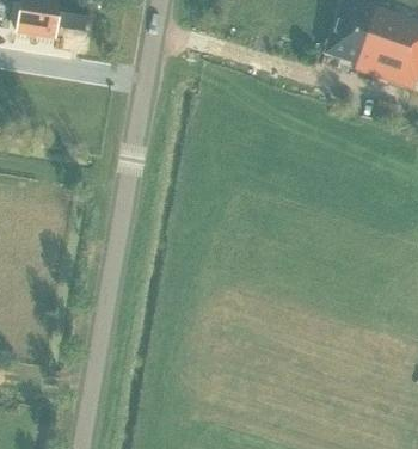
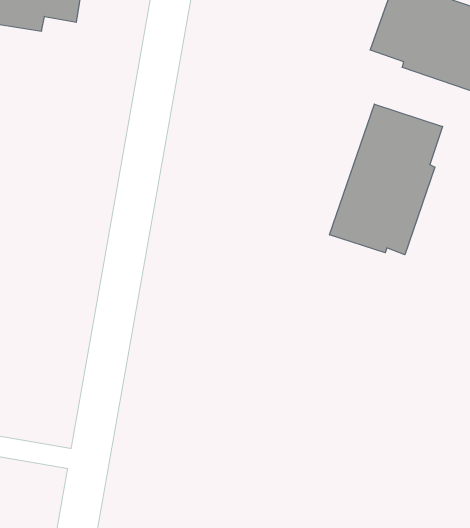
building: none -> [330,104,443,255]

